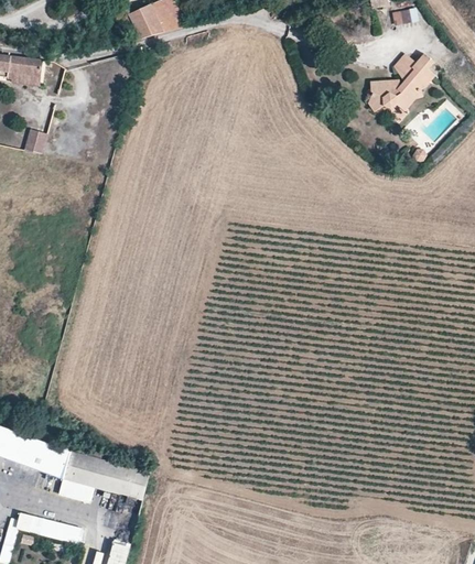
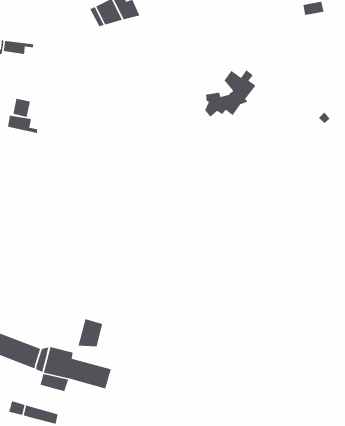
building: [366,50,432,111] -> [204,69,256,118]
building: none -> [7,115,38,134]
building: none -> [78,318,103,347]

